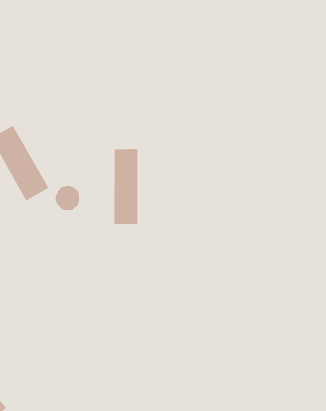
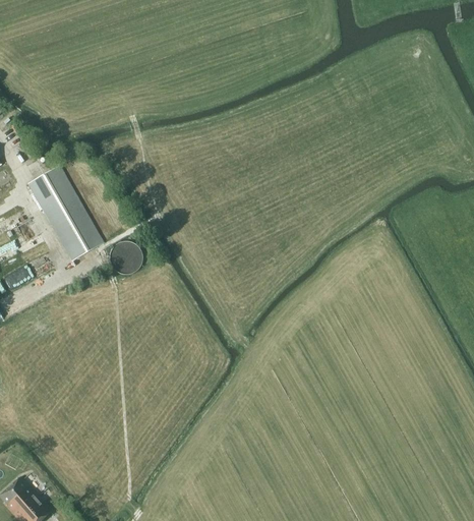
building: [114,148,138,225] -> none

